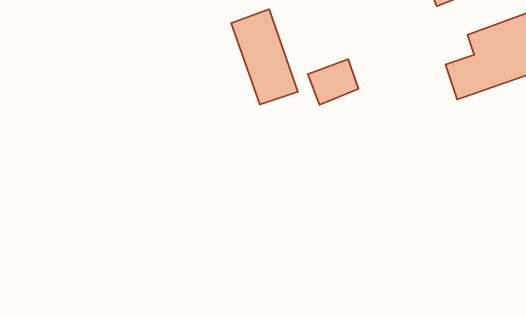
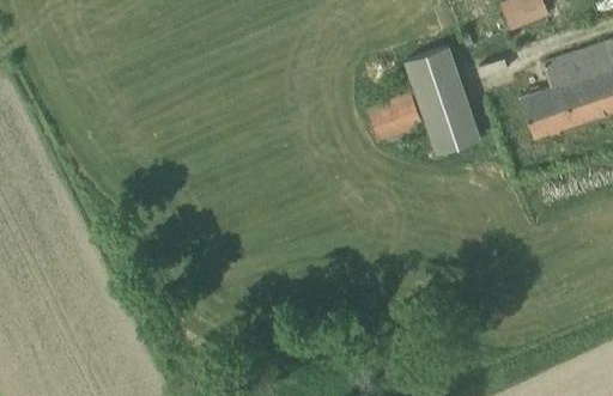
building: [231,9,298,105] -> [405,43,480,151]

